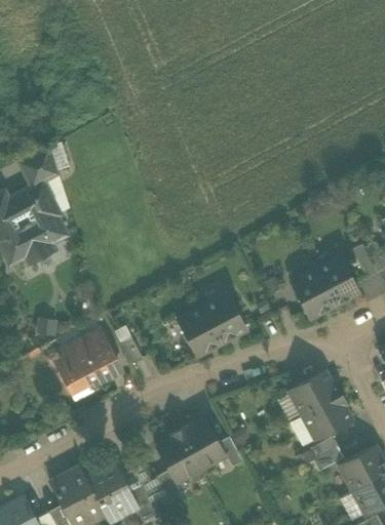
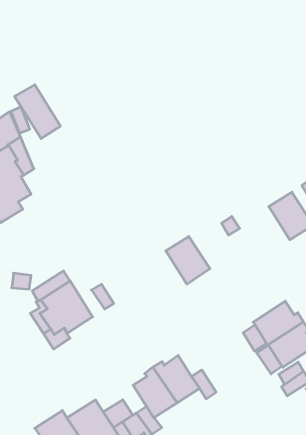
building: none -> [15,85,60,139]
building: [291,270,335,320] -> none
building: [177,308,222,358] -> none

